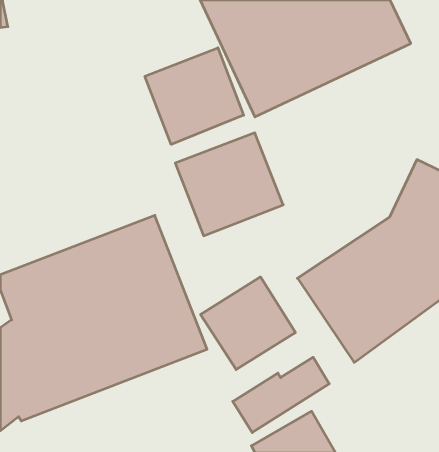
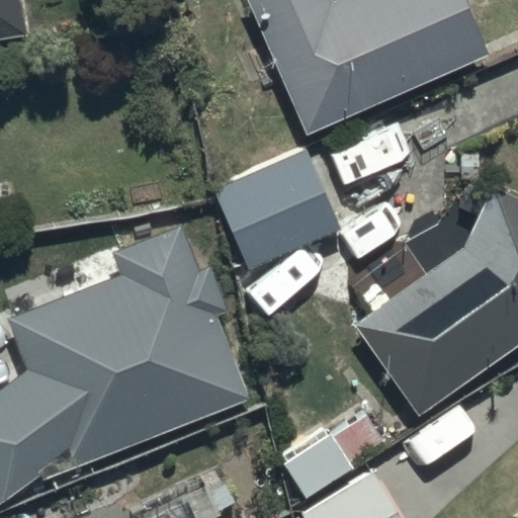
building: [145,48,244,144] -> none
building: [201,277,295,370] -> none

